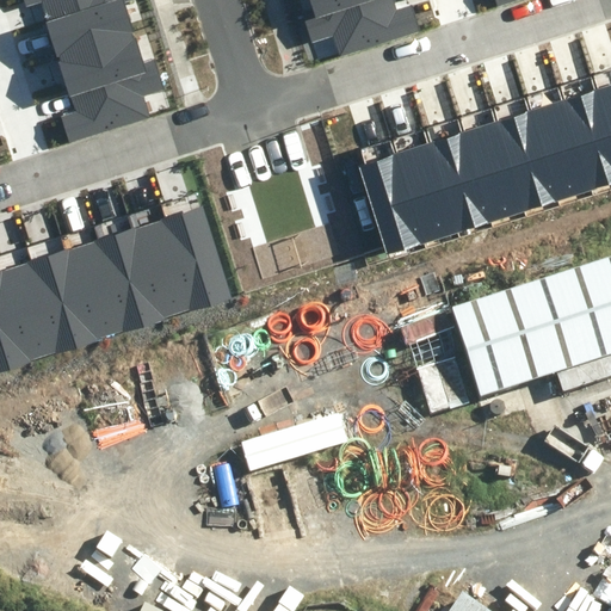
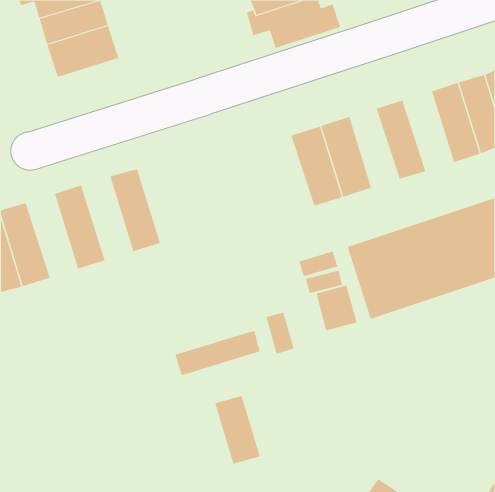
building: [60,64,163,147] -> none
building: [496,116,558,215] -> none
building: [431,137,492,235] -> none
building: [169,200,232,303] -> none
building: [100,221,163,325] -> none
building: [32,242,95,346] -> none
building: none -> [215,395,260,465]

